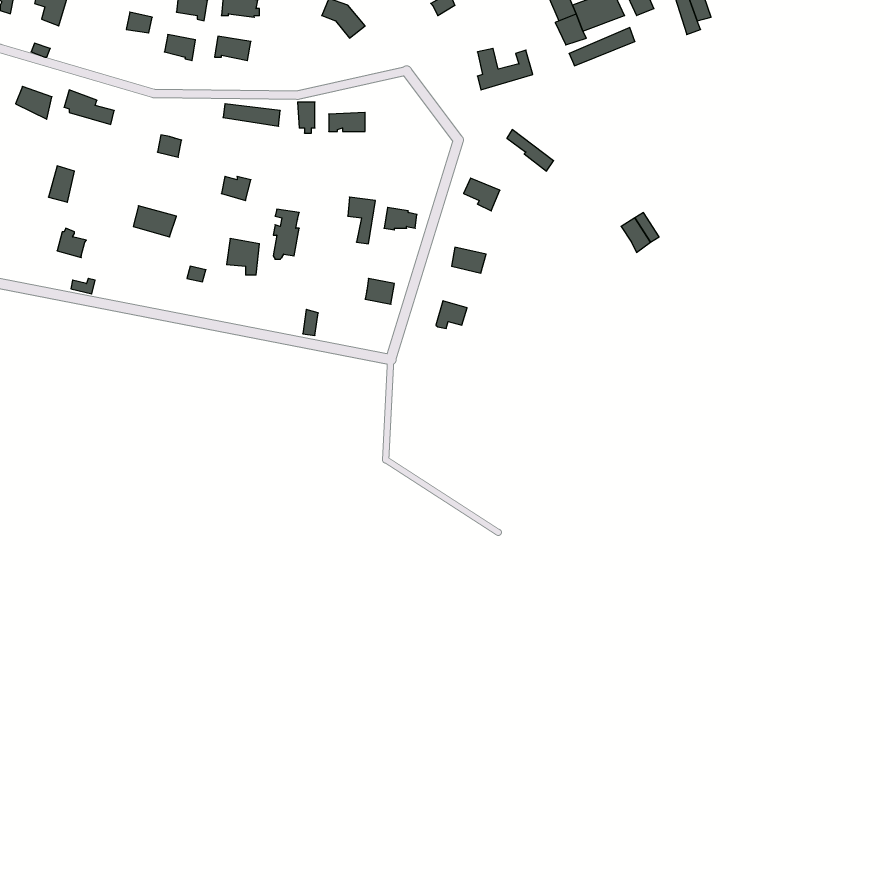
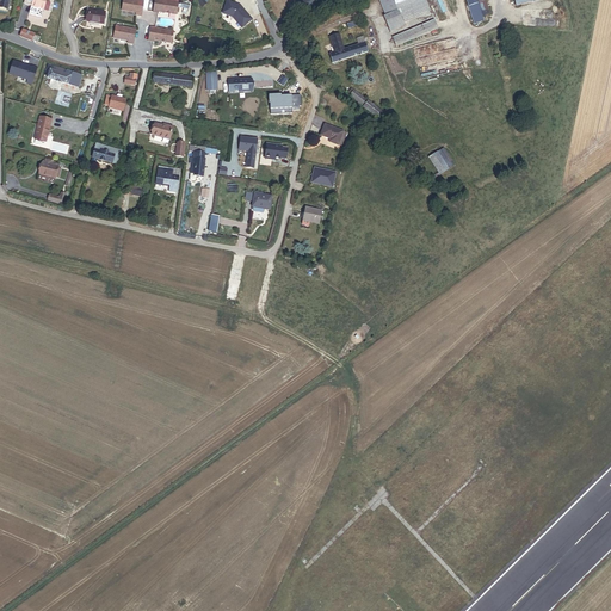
building: none -> [270,94,302,113]

